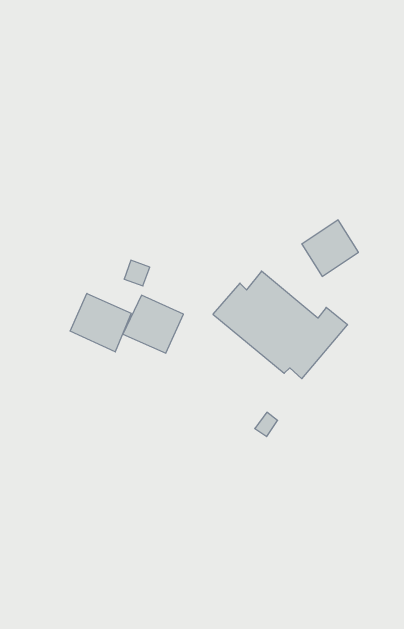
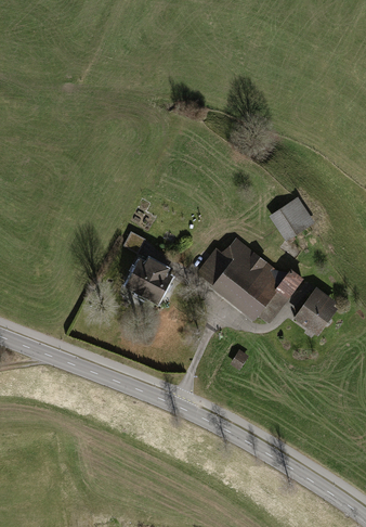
building: [70,293,131,352] -> none
building: none -> [295,288,337,333]

